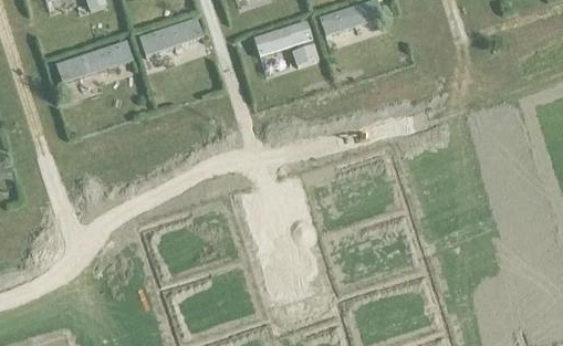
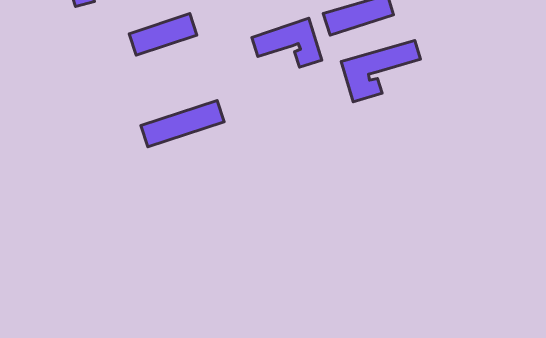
building: [55,41,133,84] -> [141,100,224,147]
building: none -> [341,41,420,102]

